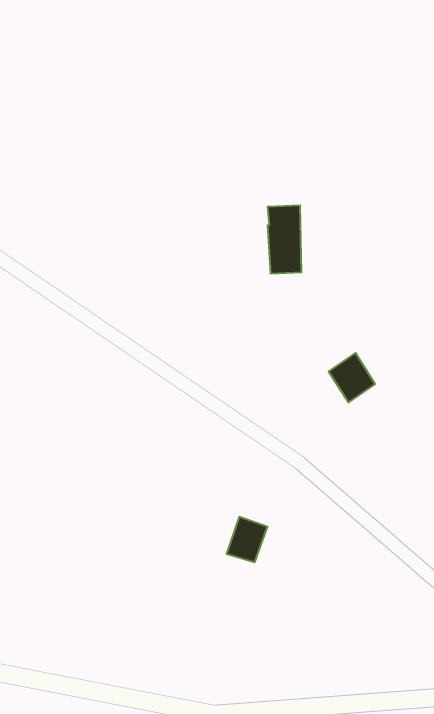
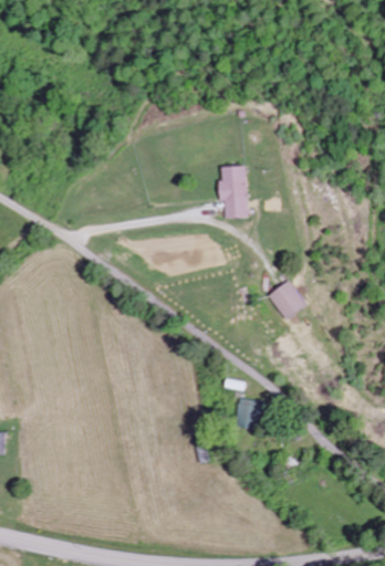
building: [226,517,268,562] -> [233,396,266,431]

